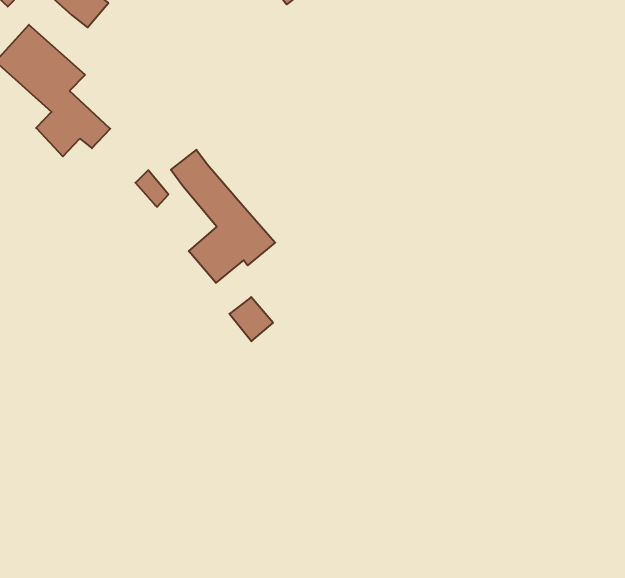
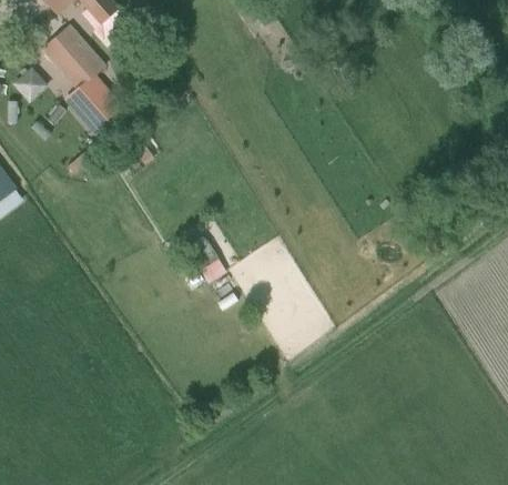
building: [171,150,275,283] -> none

